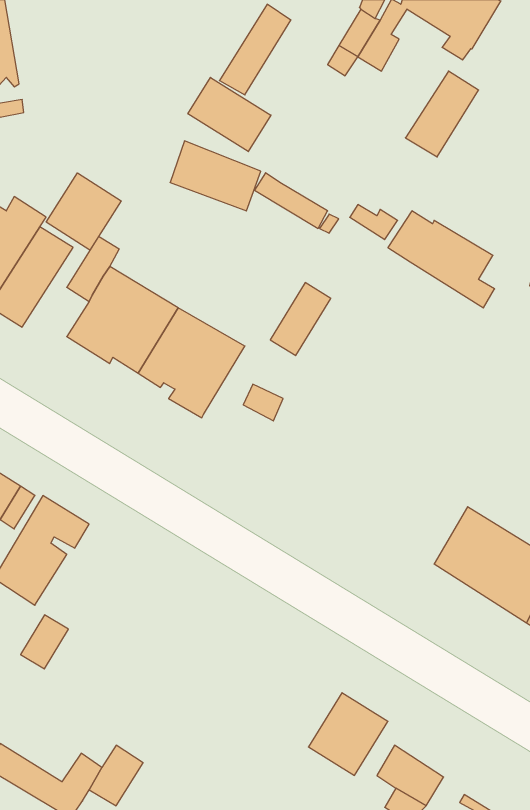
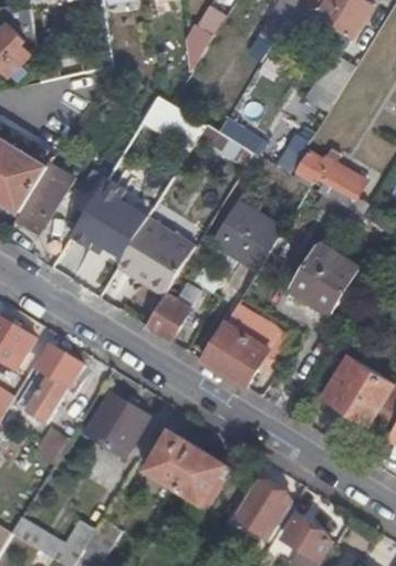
building: [188,77,271,152] -> none
building: [46,173,121,250] -> none
building: none -> [227,209,280,266]
building: none -> [290,242,358,312]
building: none -> [143,282,197,338]
building: none -> [199,302,284,385]
building: none -> [85,395,149,458]
building: none -> [147,432,230,509]

